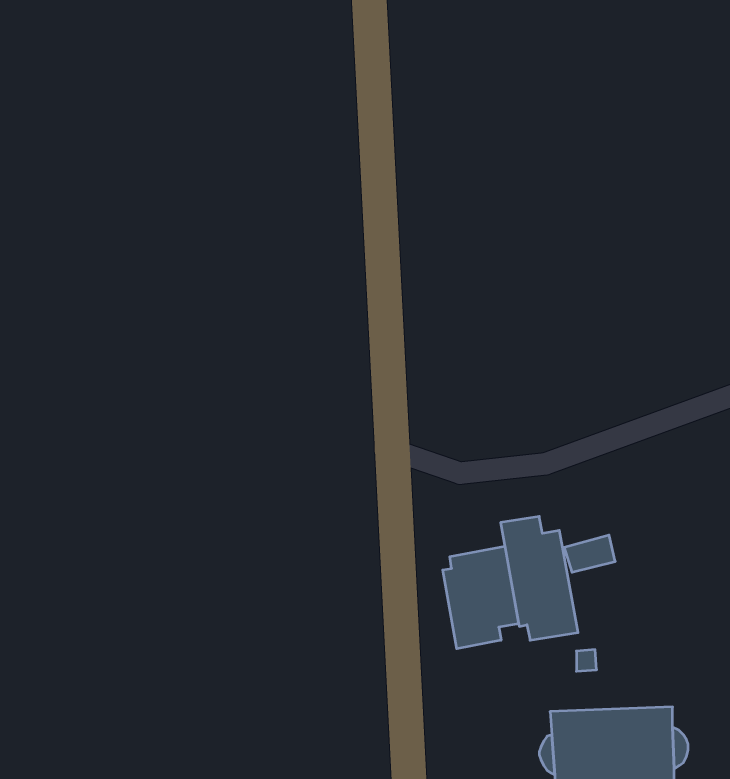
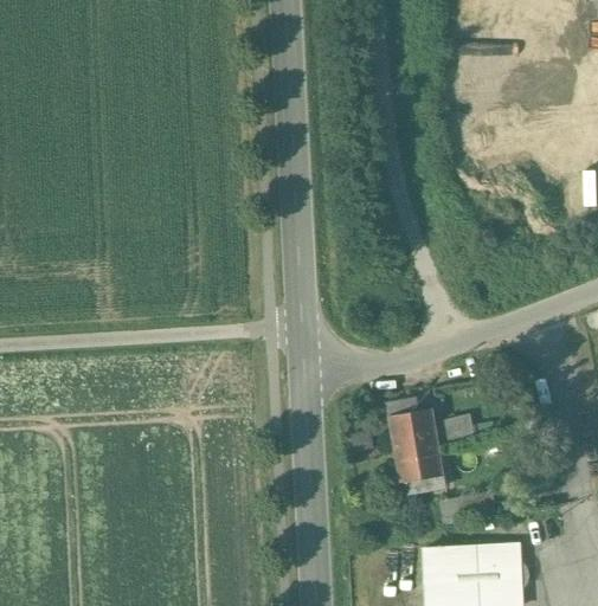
building: [443,546,518,649] -> none

